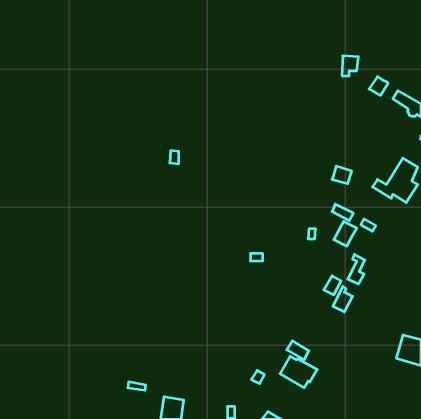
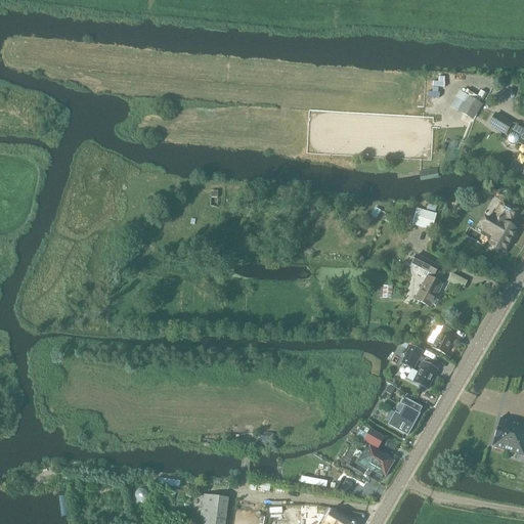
building: none -> [388,396,422,434]

